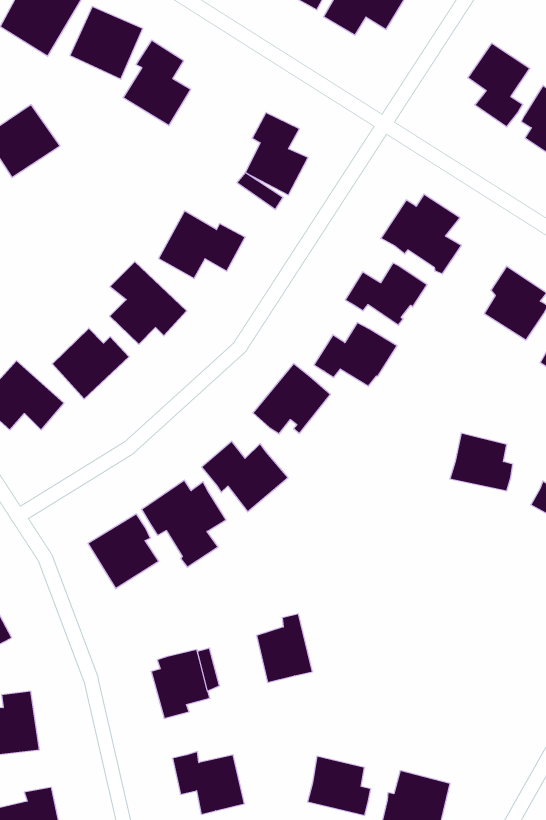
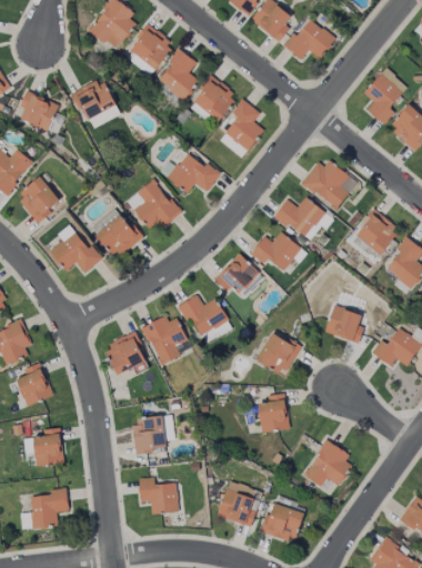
building: none -> [192,77,237,122]
building: none -> [257,334,302,373]
building: [256,614,313,683] -> [259,394,290,433]
building: none -> [305,438,352,485]

